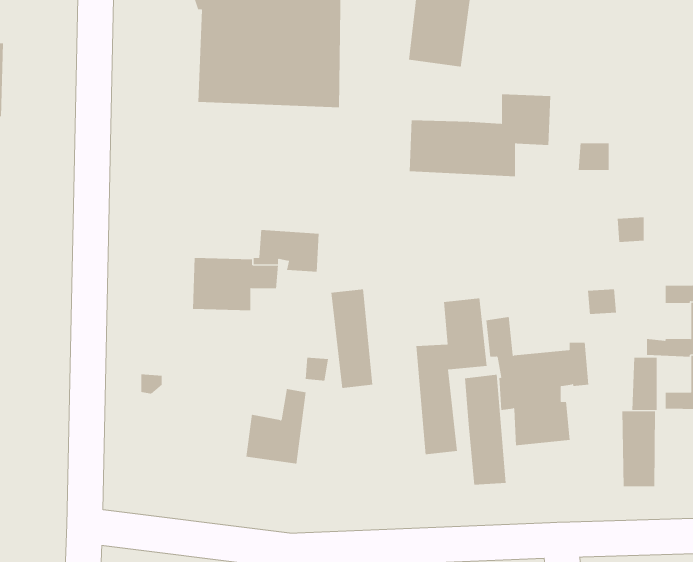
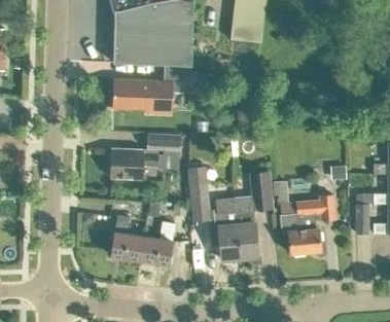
building: [409,94,551,177] -> [111,64,190,110]
building: [464,374,507,485] -> [215,198,239,259]
building: none -> [110,215,142,259]
building: [622,411,655,487] -> none

